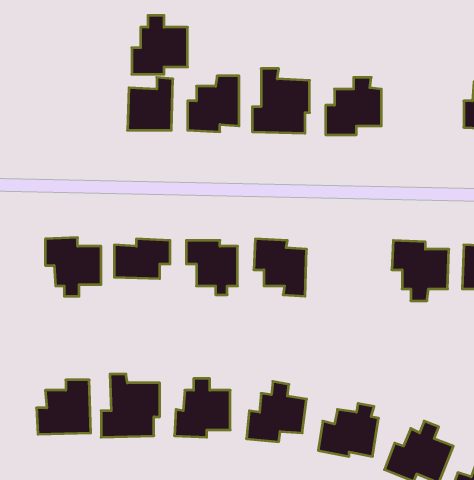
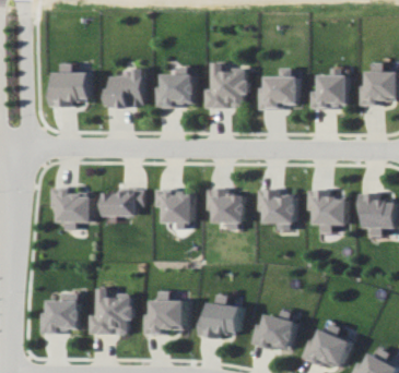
building: [132,15,188,74] -> [49,63,91,107]
building: none -> [308,68,349,108]
building: none -> [256,189,295,231]

